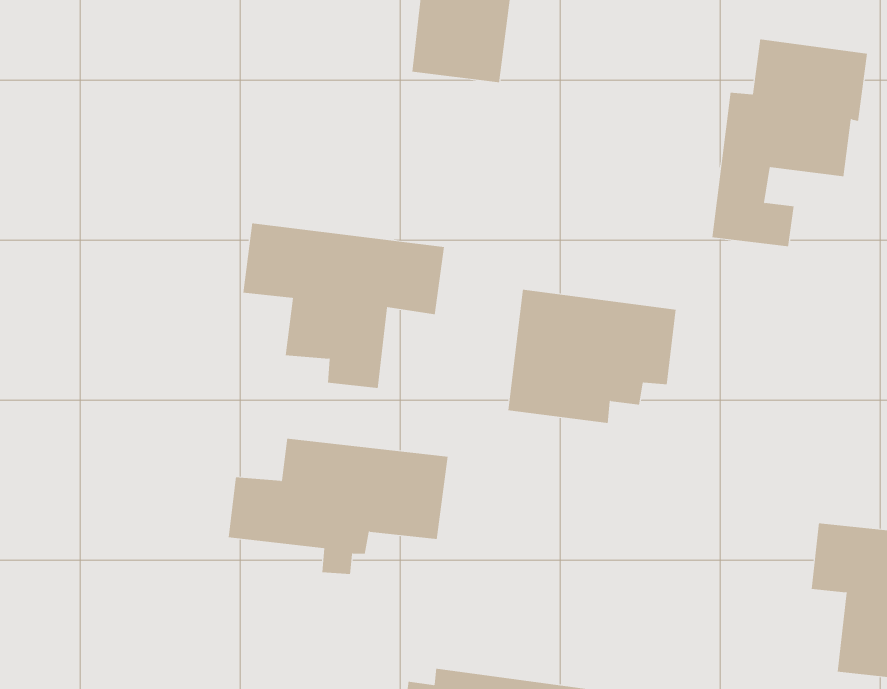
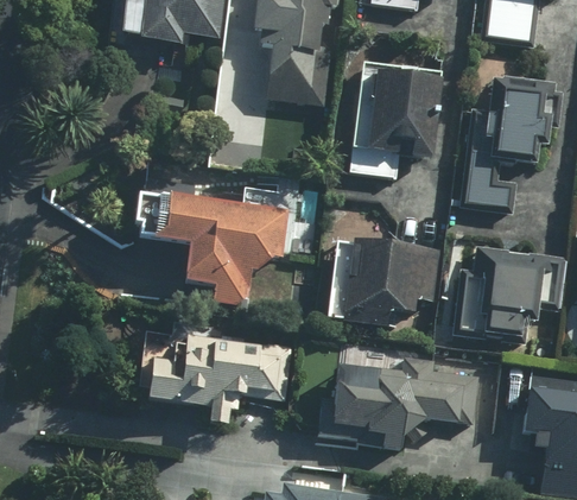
building: none -> [367,70,440,162]
building: none -> [451,246,564,343]
building: none -> [316,356,475,447]

